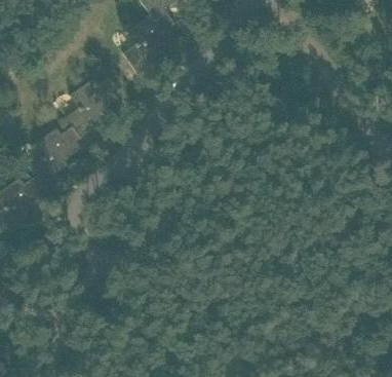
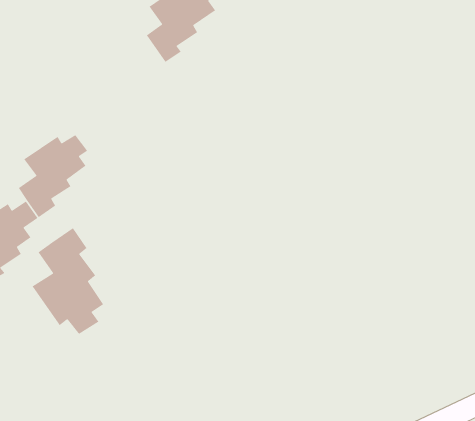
building: [65,75,119,139] -> none
building: none -> [32,227,104,335]

